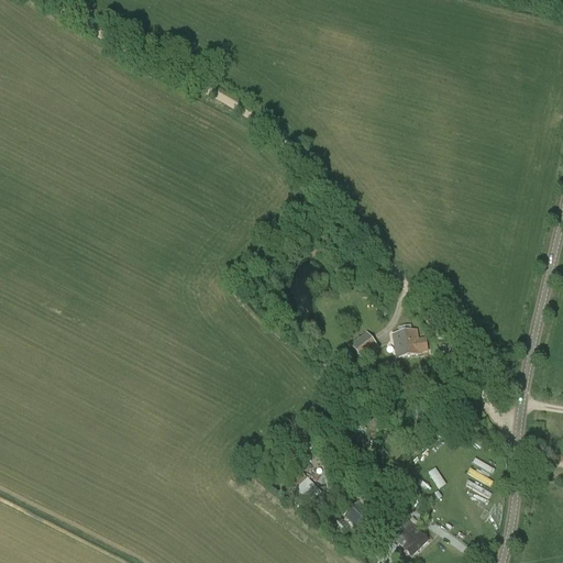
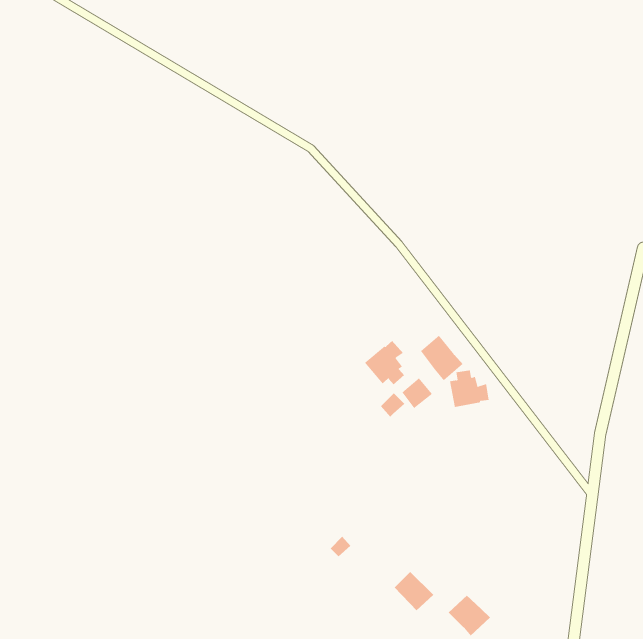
building: none -> [420,335,464,381]
building: none -> [364,340,405,385]

